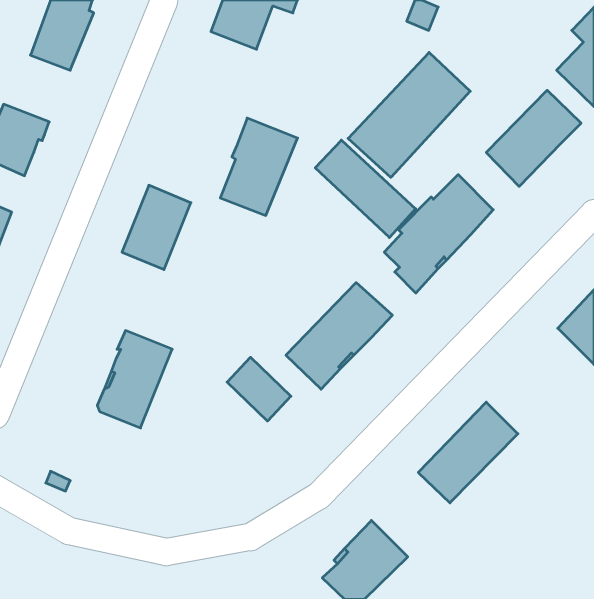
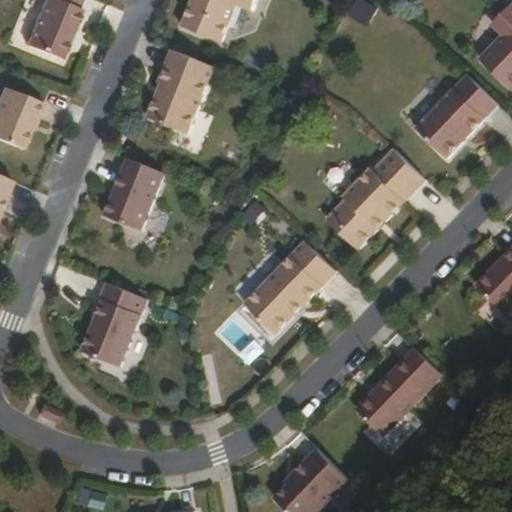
building: [348,52,470,177] -> none
building: [220,118,298,215] -> [147,51,213,134]
building: [315,140,416,238] -> none
building: [227,357,291,421] -> none

